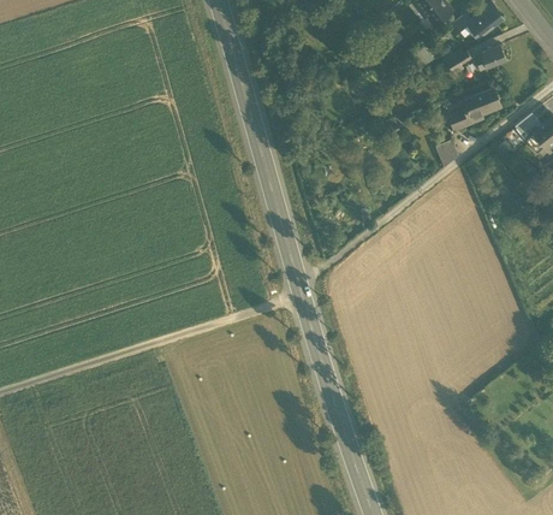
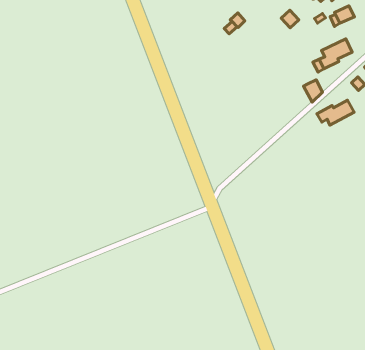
building: none -> [317,100,354,125]

